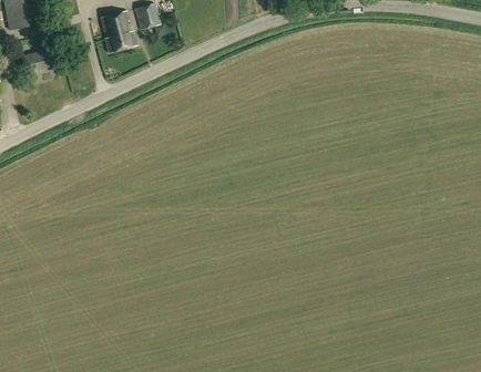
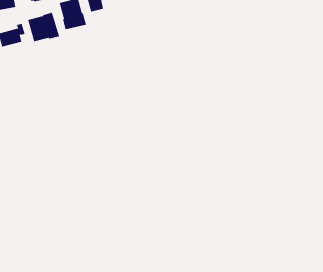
building: none -> [28,12,60,42]

